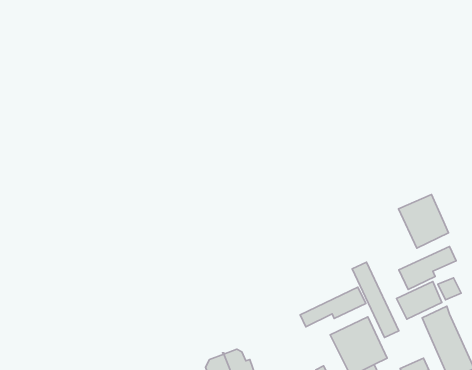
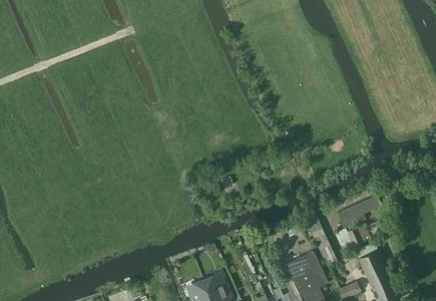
building: [399,195,449,248] -> none
building: [300,287,366,327] -> none

